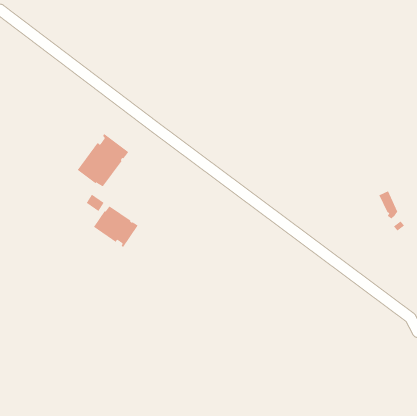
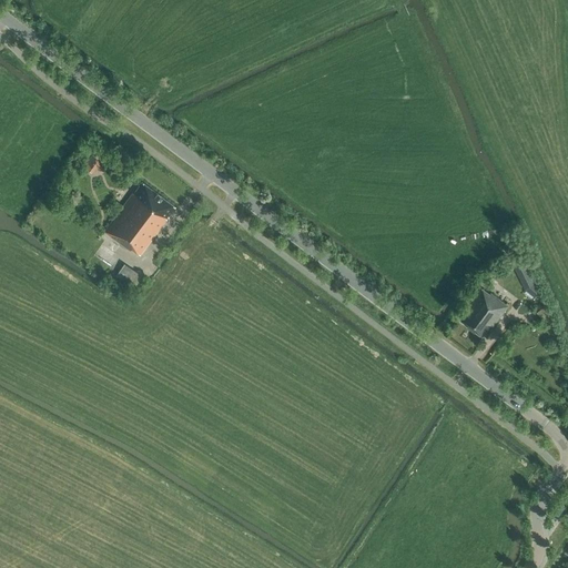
building: [93,206,138,248] -> none
building: none -> [462,290,510,337]

